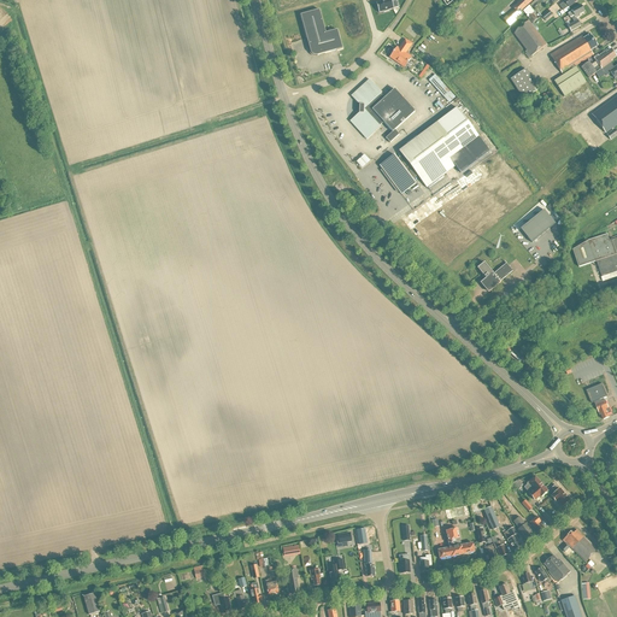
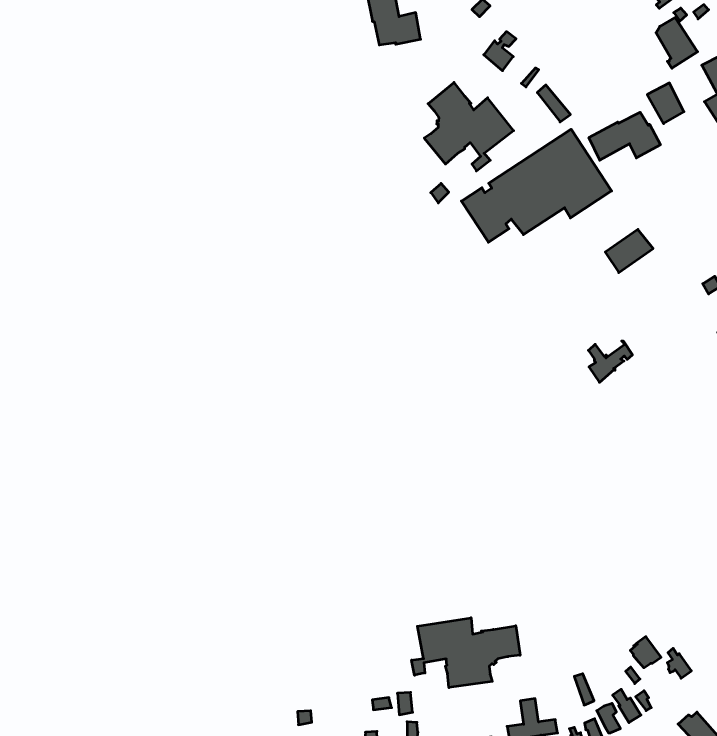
building: none -> [589,112,660,160]
building: [521,208,556,241] -> [605,229,653,273]
building: none -> [412,618,520,688]

